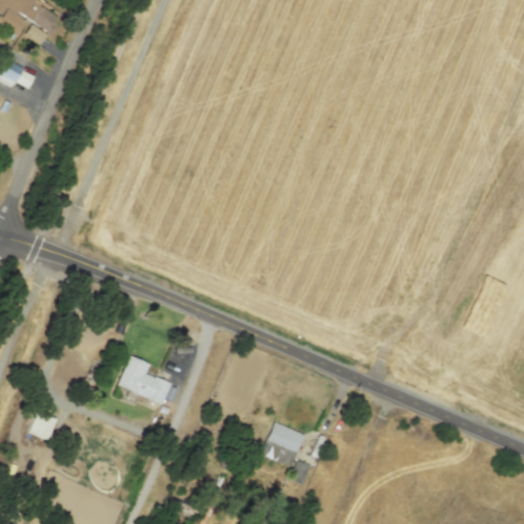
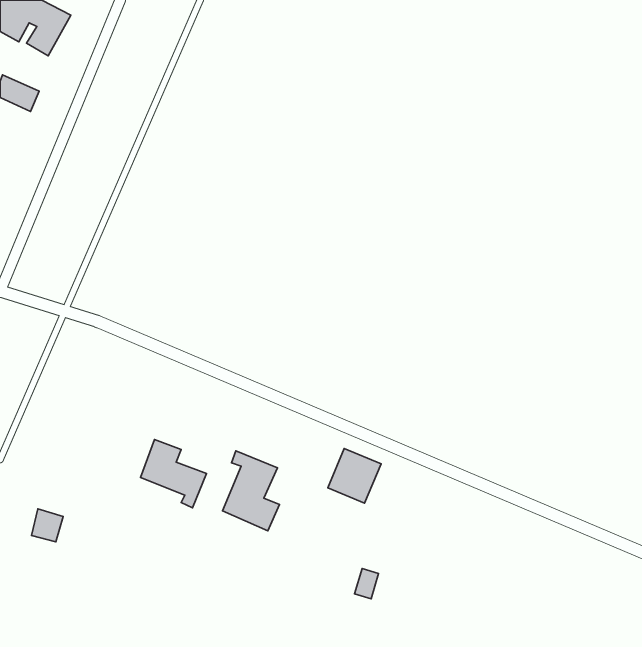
building: none -> [223,451,279,531]
building: [261,422,304,466] -> [328,449,381,503]

